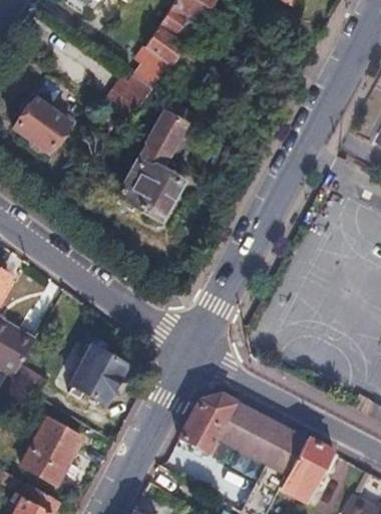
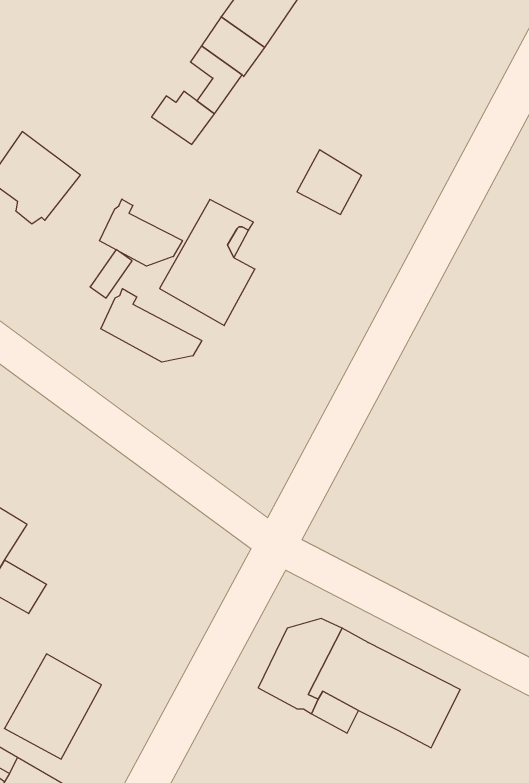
building: [147,111,187,152] -> [297,150,362,214]
building: none -> [99,199,182,266]
building: none -> [101,289,202,362]
building: [69,348,123,404] -> none
building: [286,442,333,494] -> none

